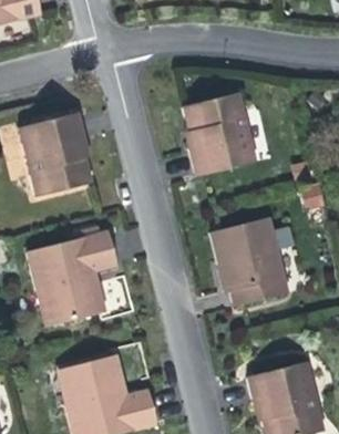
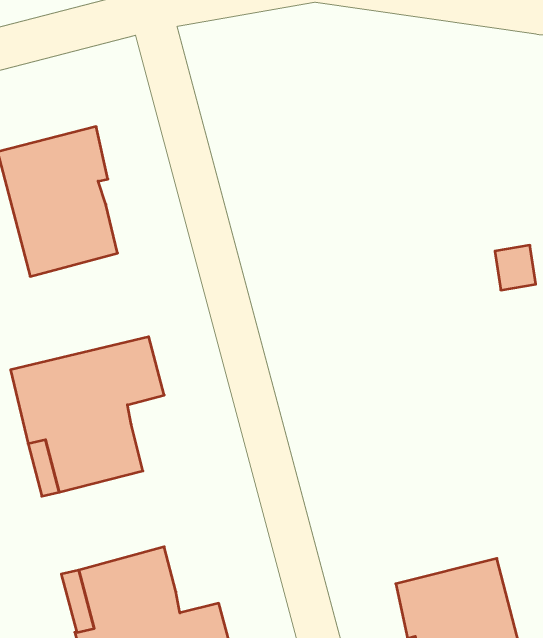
building: [184,94,256,177] -> none
building: [210,217,288,304] -> none

